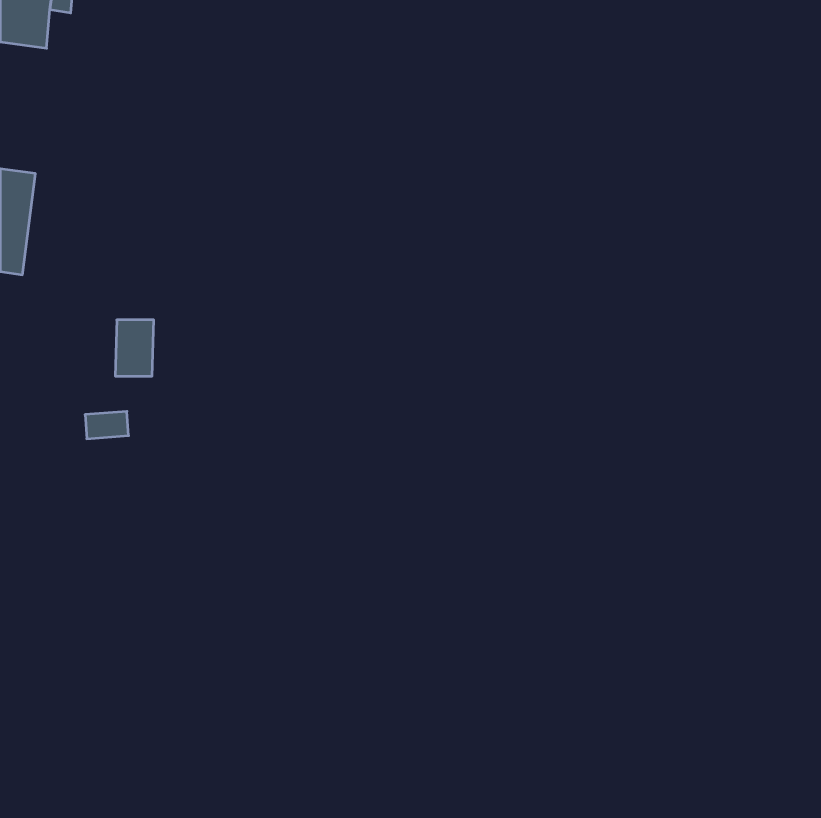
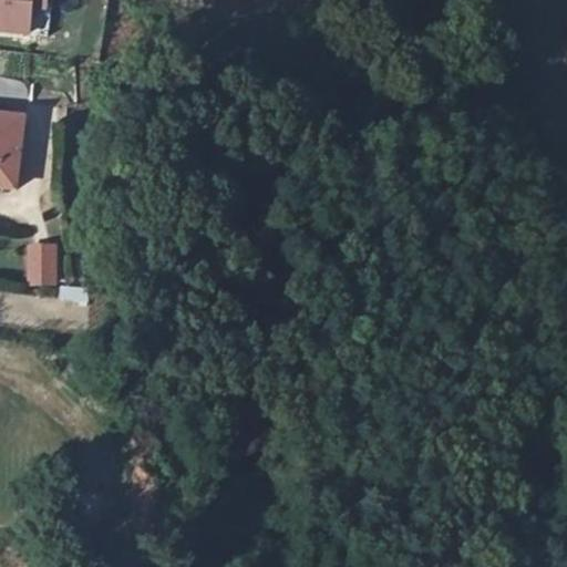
building: [115,320,154,376] -> [29,244,55,282]

